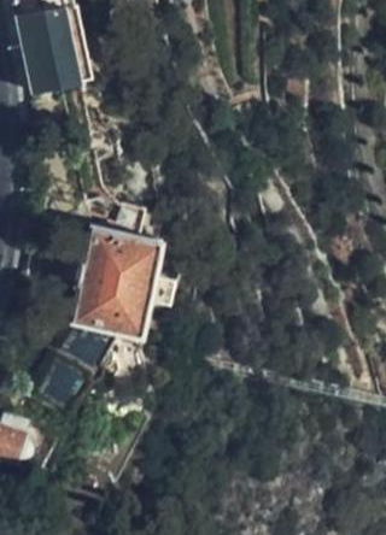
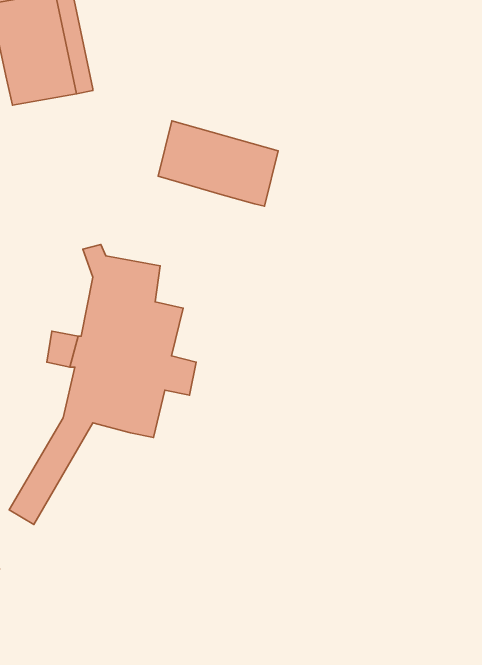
building: none -> [158,121,278,206]

